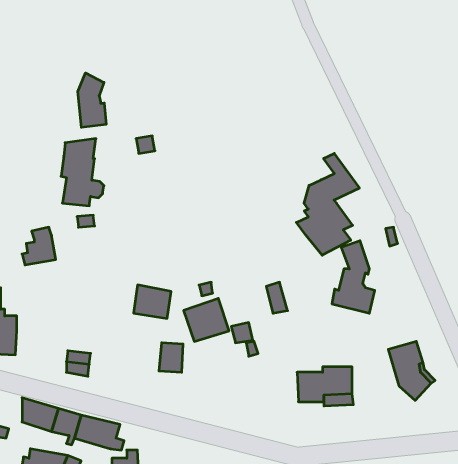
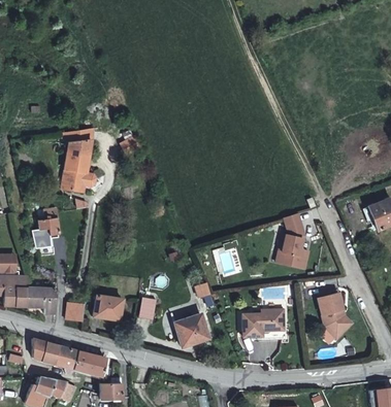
building: [78,73,106,127] -> none
building: [296,153,359,255] -> none
building: [134,285,171,318] -> [93,294,122,319]
building: [184,298,229,341] -> [173,313,208,346]
building: none -> [27,285,57,311]

